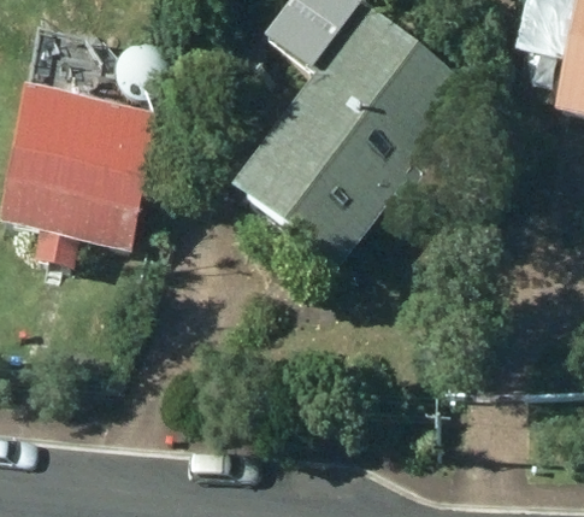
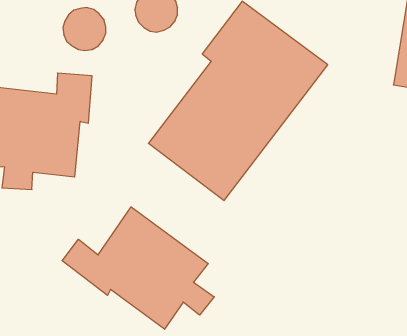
building: none -> [62,207,214,329]

